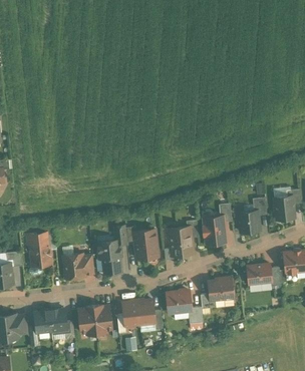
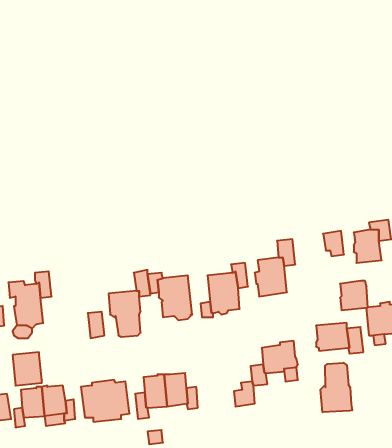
building: [239,211,259,232] -> [340,281,368,310]
building: [63,254,84,278] -> [13,352,42,386]
building: [167,290,191,311] -> none
building: none -> [321,363,352,412]

